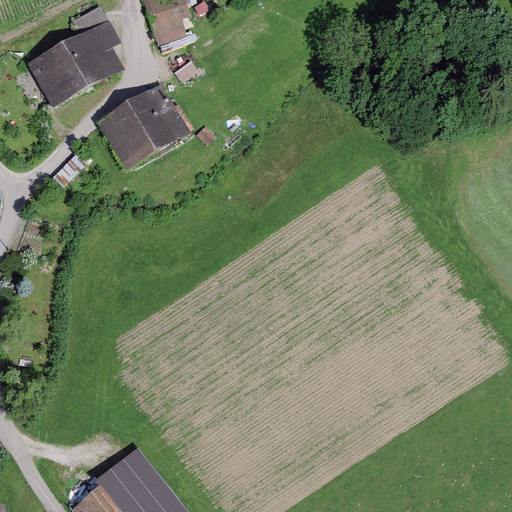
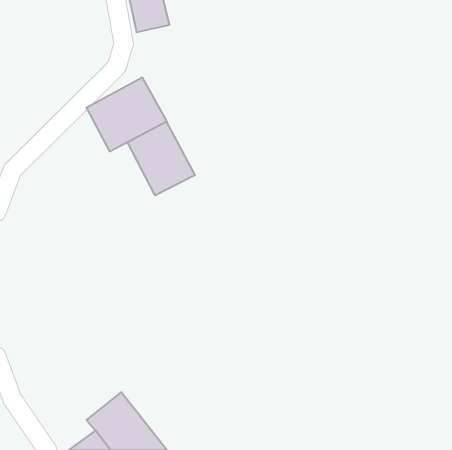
building: [25,26,120,108] -> none
building: none -> [127,121,195,195]

